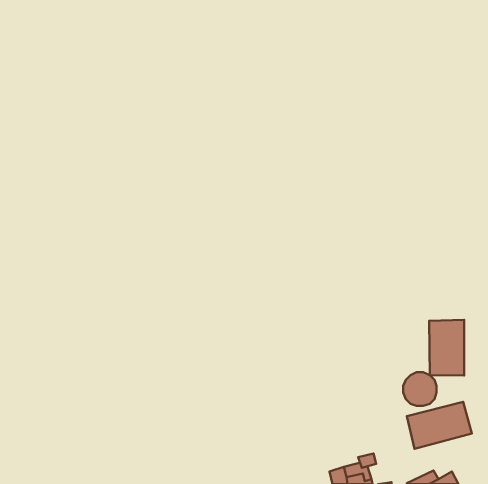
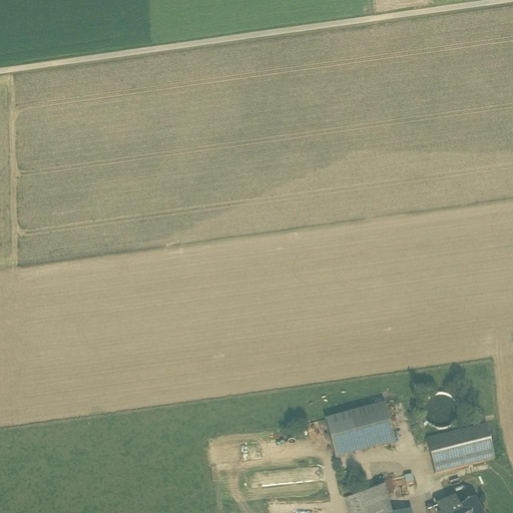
building: [429,320,464,375] -> none
building: none -> [326,402,395,456]

